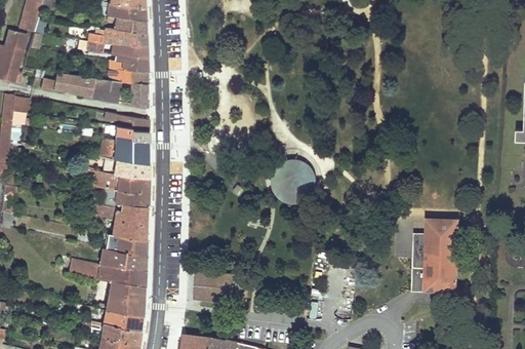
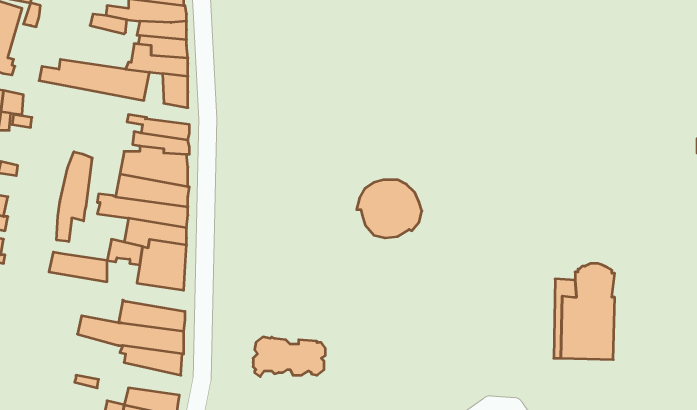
building: none -> [57,152,92,242]
building: [103,234,145,256] -> [49,252,107,282]
building: [97,293,143,316] -> none

